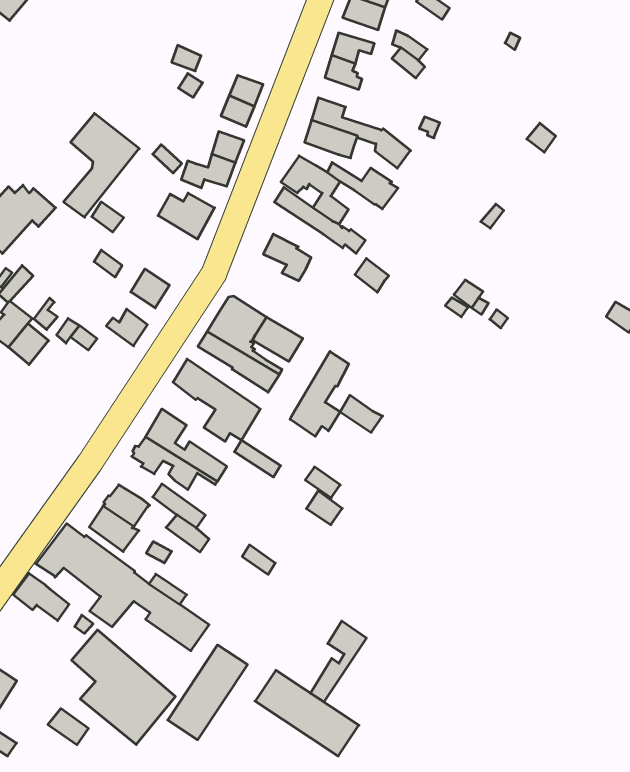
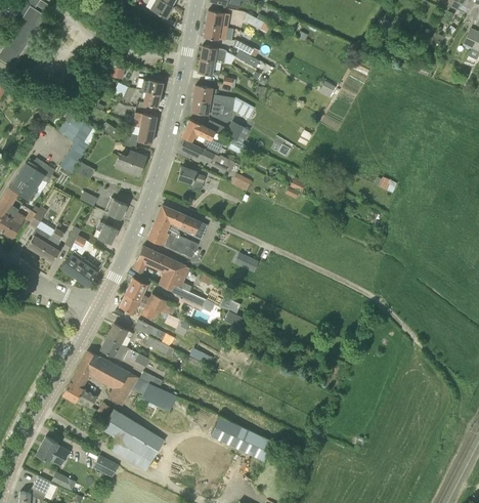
building: none -> [60,251,98,285]
building: [290,351,349,436] -> none
building: [310,621,366,702] -> none
building: [168,645,247,740] -> none

